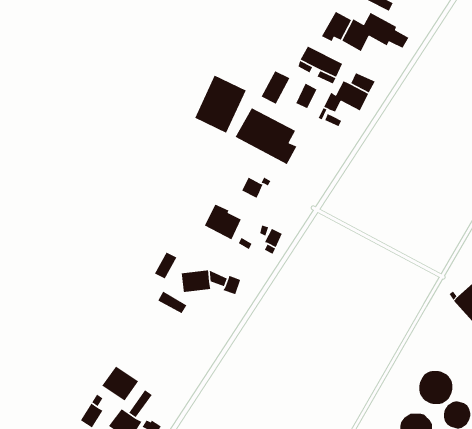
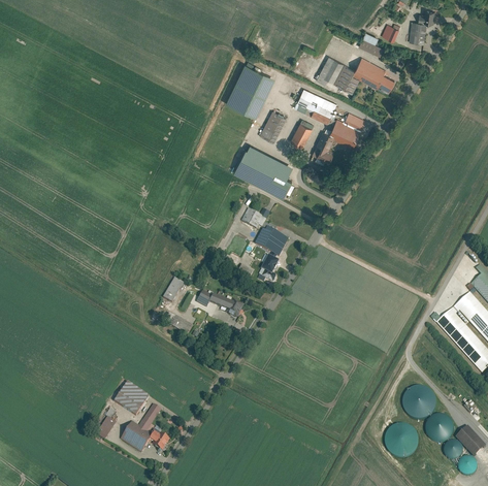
building: [194,75,247,134] -> [227,63,275,118]
building: [204,203,242,240] -> [253,223,288,257]

